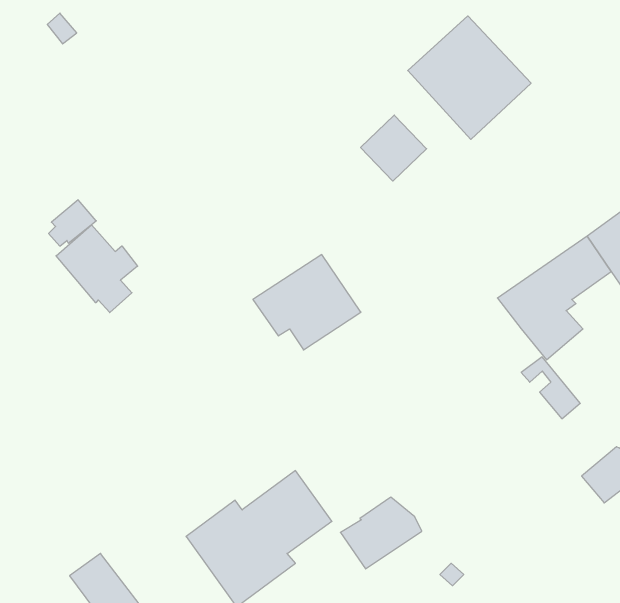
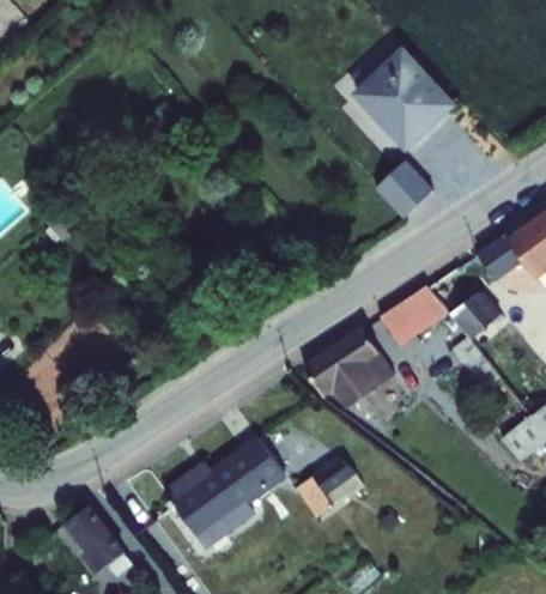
building: [361,115,427,181] -> [377,160,433,217]
building: [56,225,138,313] -> none
building: [253,255,361,350] -> [303,328,395,410]
building: none -> [380,285,449,347]

